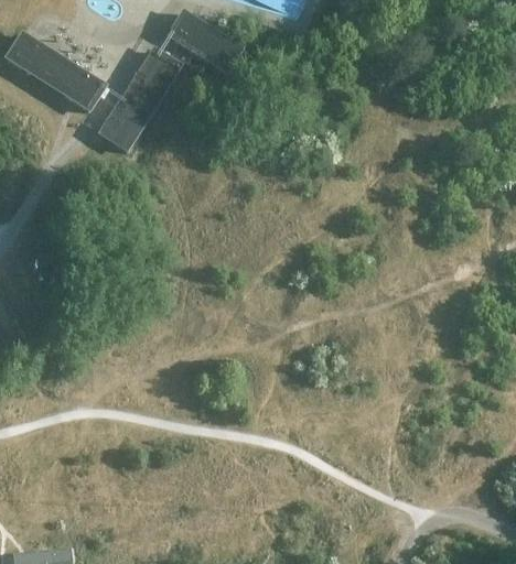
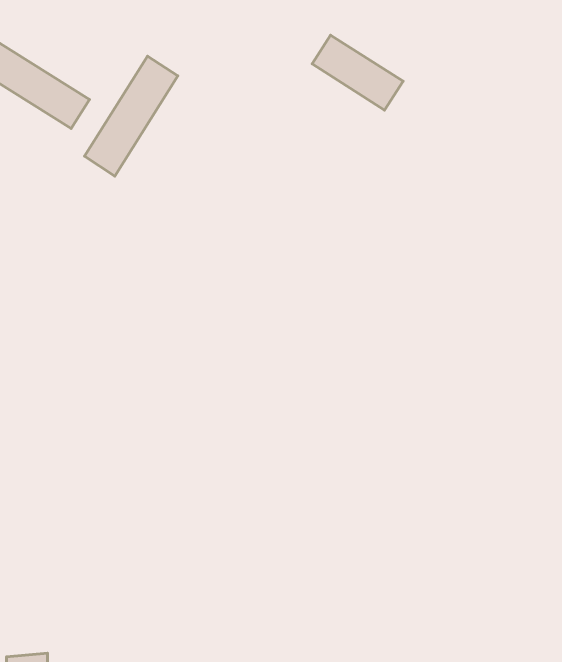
building: [166,10,243,73] -> [312,35,403,110]

